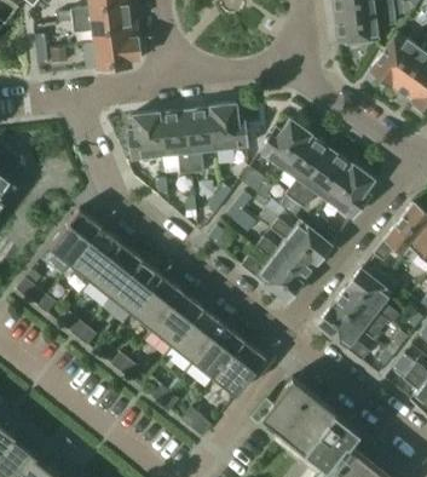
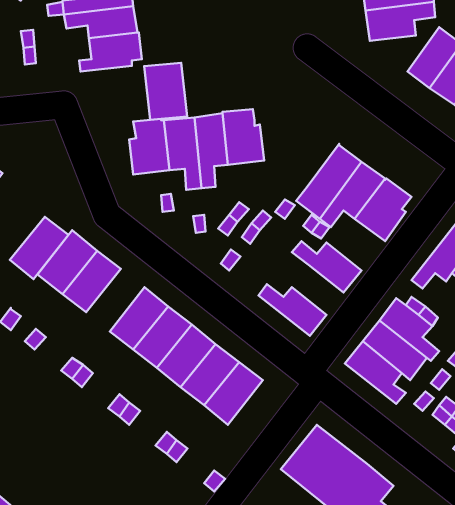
building: none -> [144,63,187,120]
building: [258,119,311,172] -> none
building: [255,237,315,283] -> none
building: [91,243,142,298] -> [10,217,68,279]
building: [214,340,265,396] -> none

